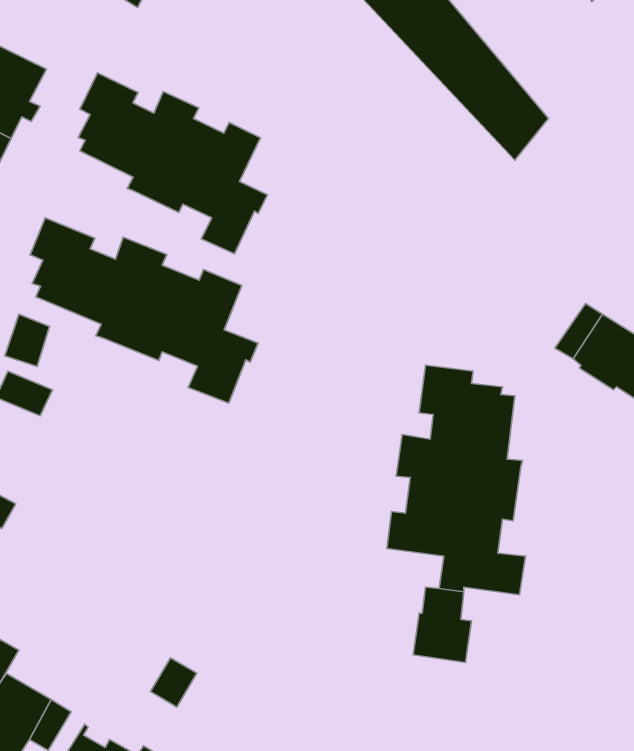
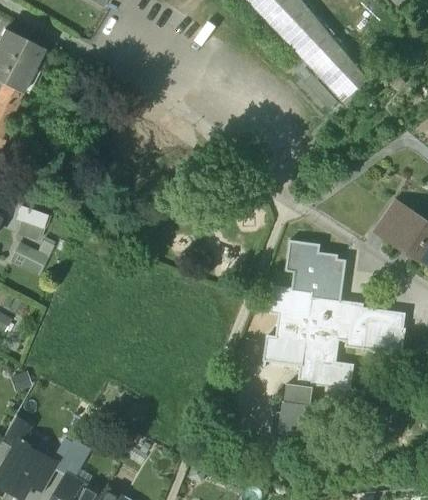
building: [78,73,267,254] -> none
building: [30,218,258,403] -> none
building: none -> [346,305,405,353]
building: [151,658,197,707] -> [59,440,89,472]

